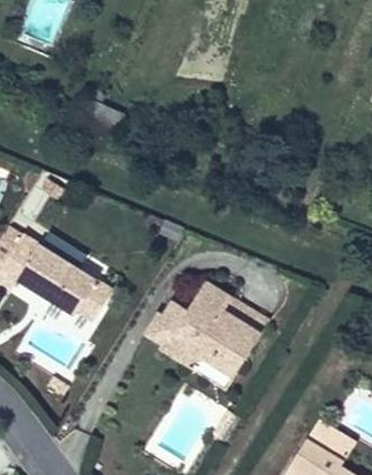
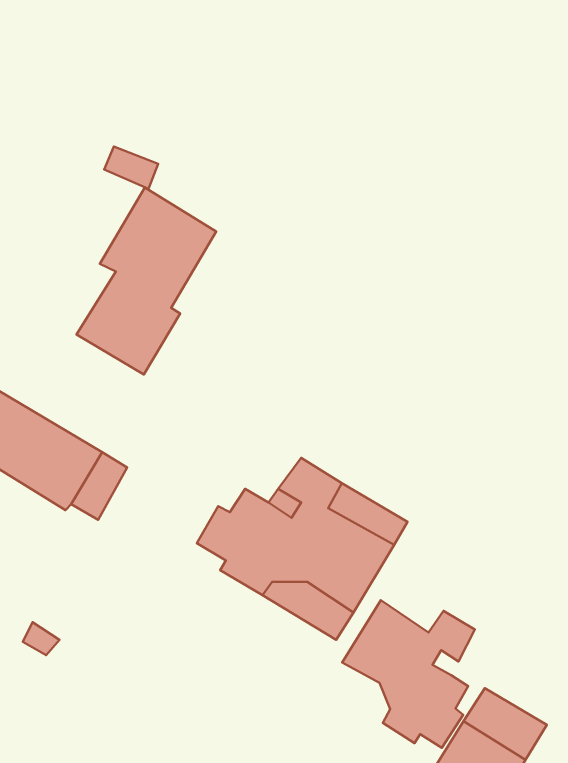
building: none -> [77,187,216,375]
building: none -> [342,600,475,748]

